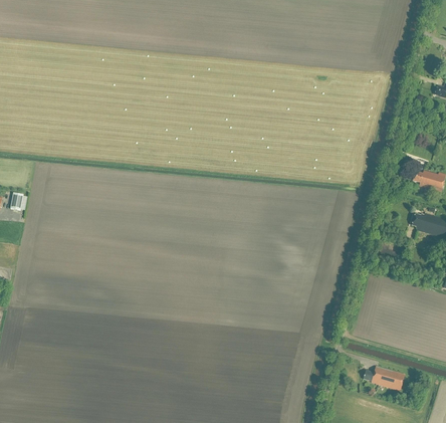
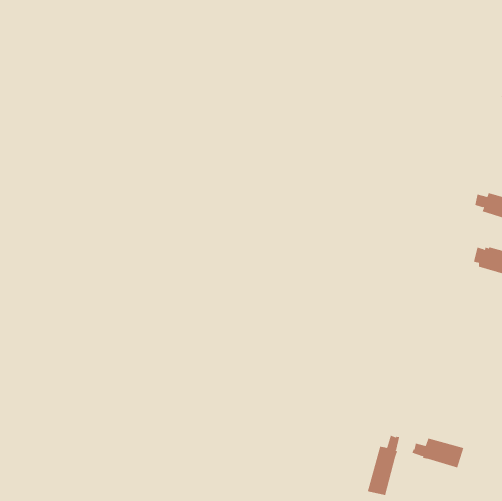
building: none -> [367,435,400,496]

